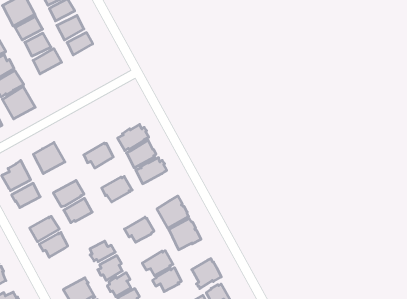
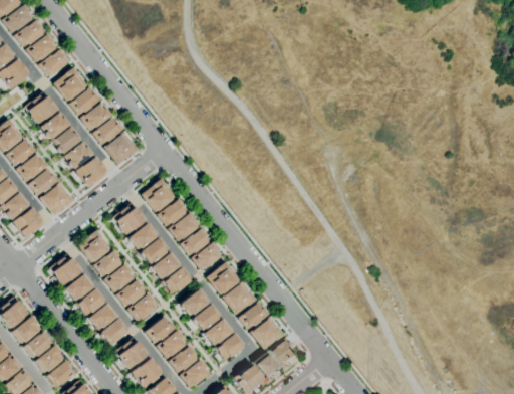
building: none -> [104,131,138,163]
building: none -> [74,155,107,187]
building: none -> [143,179,176,212]
building: none -> [116,207,147,235]
building: none -> [141,237,170,263]
building: none -> [94,250,123,277]
building: none -> [193,242,222,271]
building: none -> [165,267,193,293]
building: none -> [77,288,105,316]
building: none -> [130,293,159,322]
building: none -> [193,304,222,330]
building: none -> [240,303,269,329]
building: none -> [115,339,148,369]

